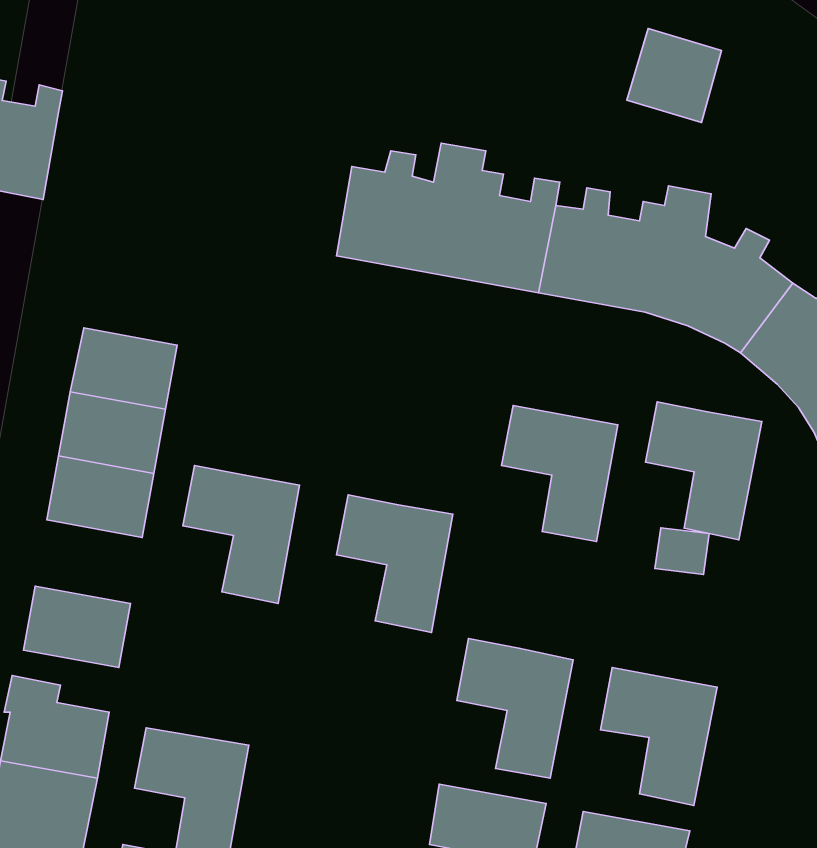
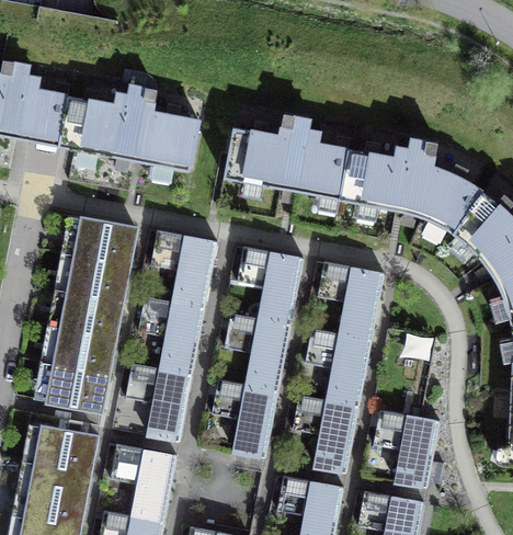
building: [627,29,721,123] -> none
building: none -> [59,86,198,169]
building: none -> [151,230,217,307]
building: none -> [237,247,304,323]
building: [645,402,762,540] -> [306,328,372,406]
building: none -> [55,327,115,374]
building: none -> [126,362,192,441]
building: none -> [212,378,278,456]

